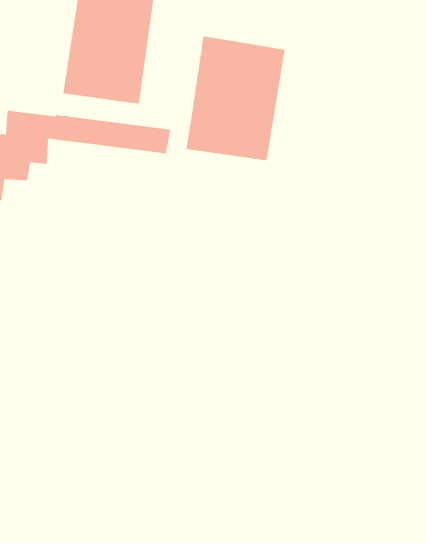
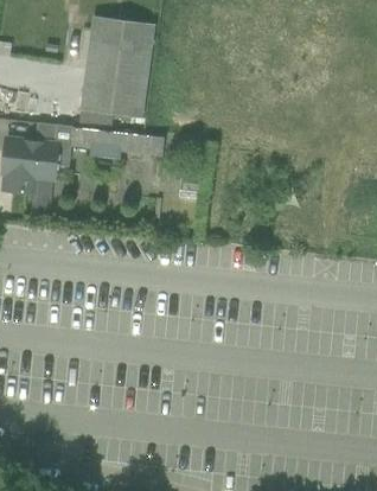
building: [186,36,285,161] -> none

